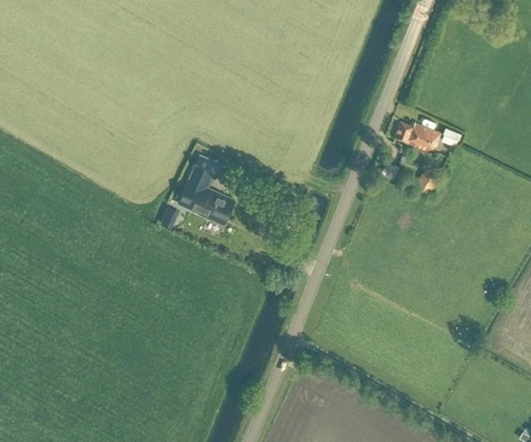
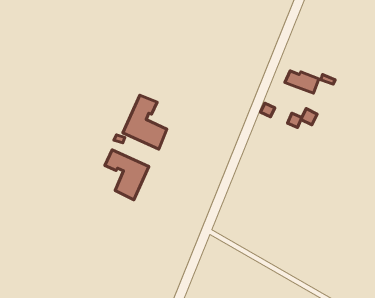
building: none -> [105,150,149,200]

